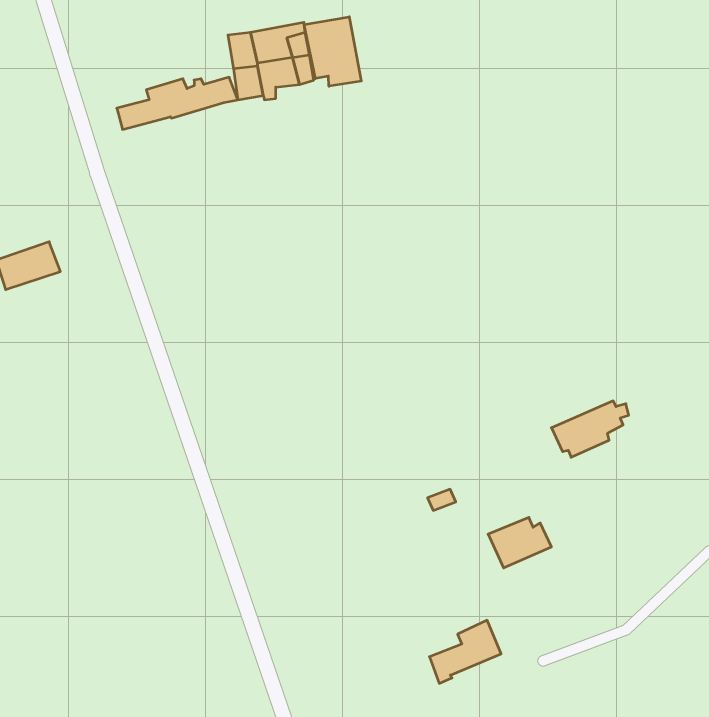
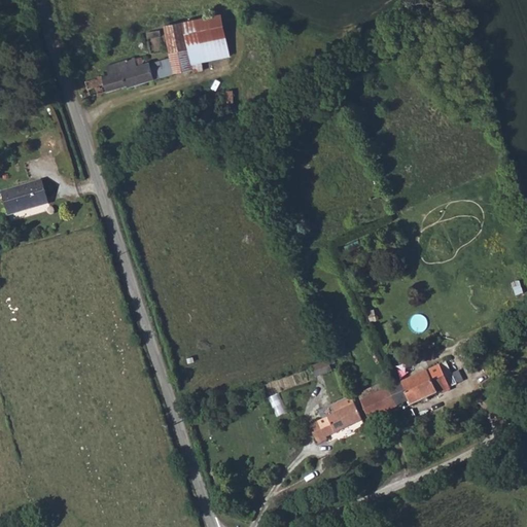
building: [304,17,361,86] -> none
building: [551,401,629,457] -> [395,364,452,406]
building: [429,620,501,683] -> [310,394,362,441]

